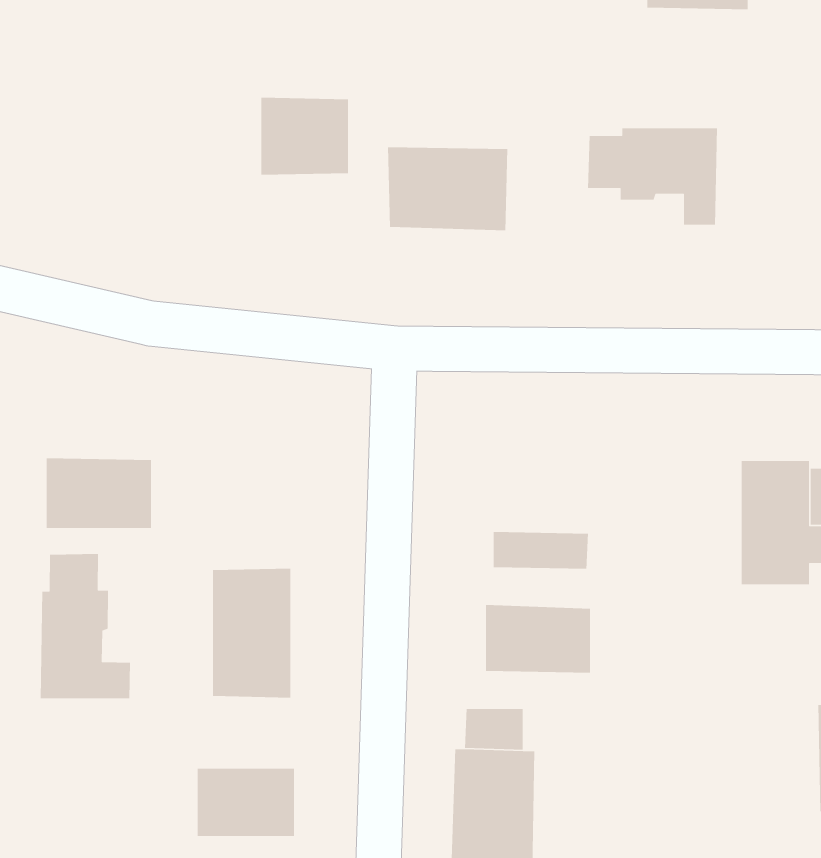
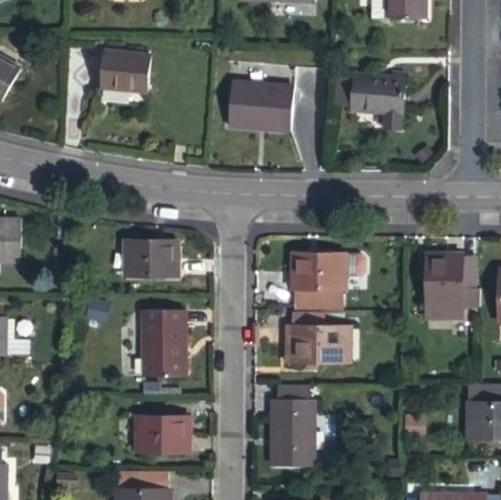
building: [261,97,349,176] -> [106,58,152,99]
building: [46,458,152,529] -> [123,240,178,277]
building: none -> [289,251,345,290]
building: [40,553,131,699] -> none

